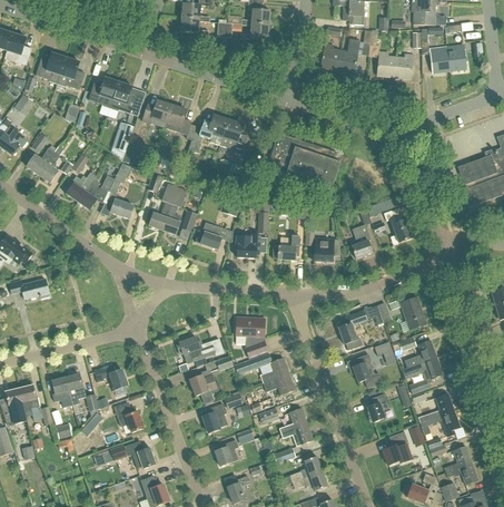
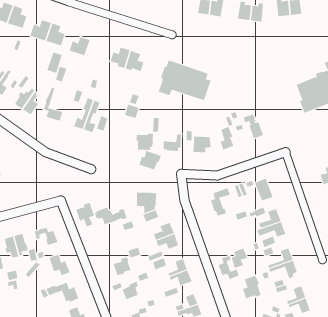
building: [165,104,191,133] -> none
building: [195,221,227,248] -> [138,150,162,170]
building: [352,352,382,387] -> [218,255,240,280]
building: [190,368,217,402] -> [76,202,95,227]

